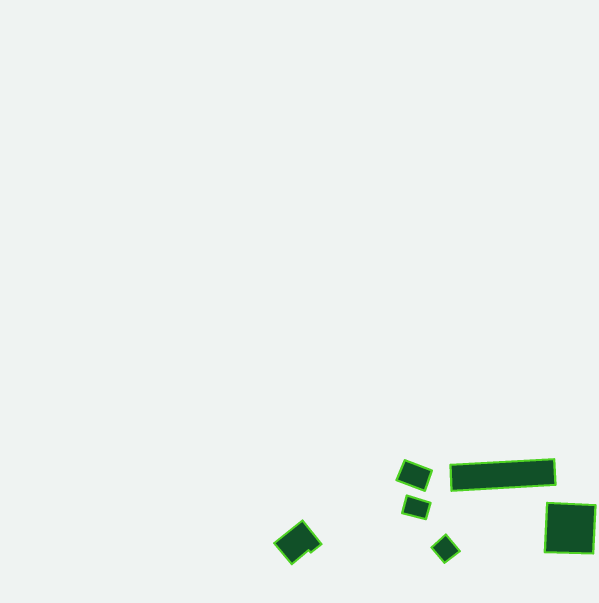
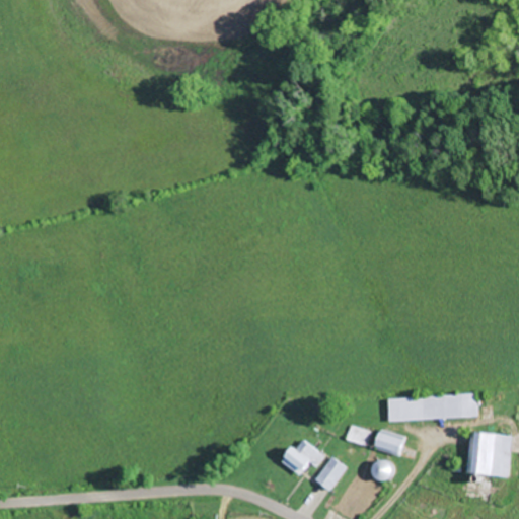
building: [397,460,432,491] -> [375,430,405,456]
building: [274,521,321,564] -> [282,439,322,476]
building: none -> [315,457,347,491]

